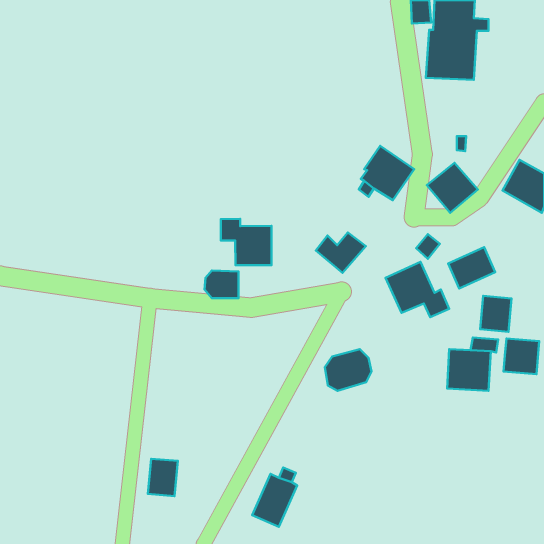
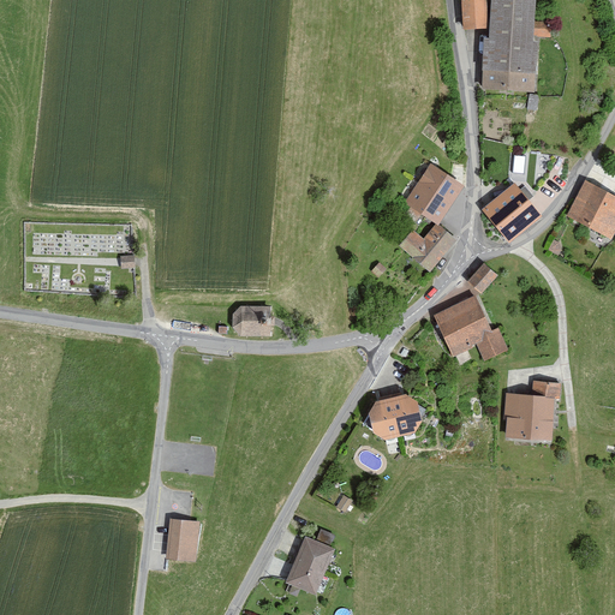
building: [221,219,271,265] -> none
building: [316,232,366,273] -> [399,225,455,270]
building: [448,247,495,289] -> none
building: [480,296,511,332] -> none
building: [504,339,539,374] -> none

